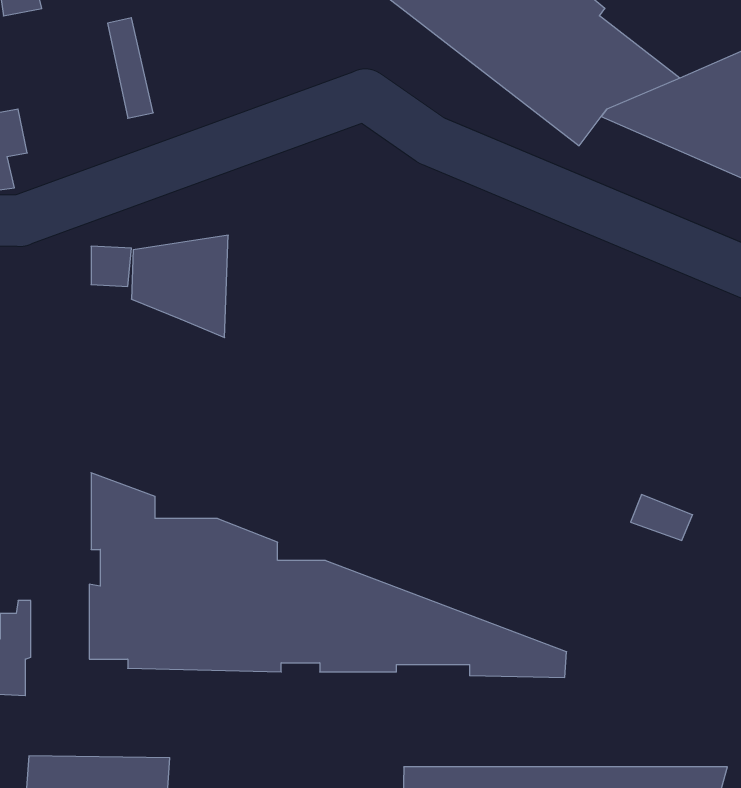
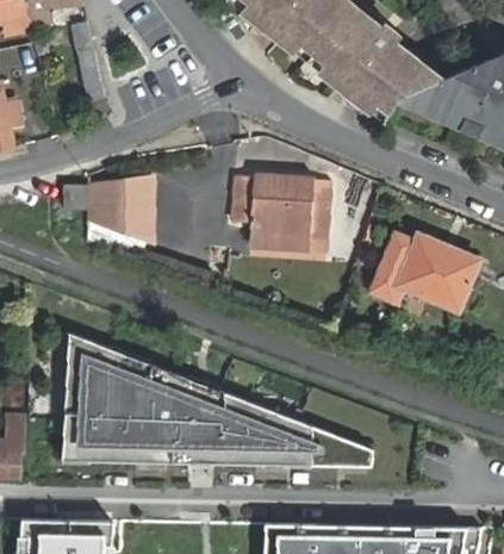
building: none -> [236,176,330,253]
building: none -> [365,231,479,312]

